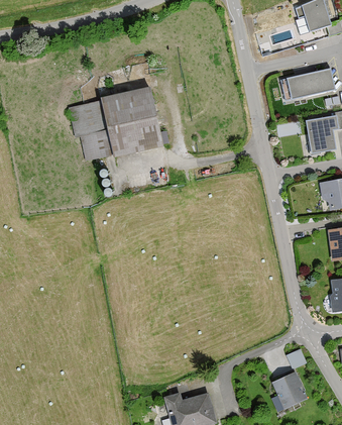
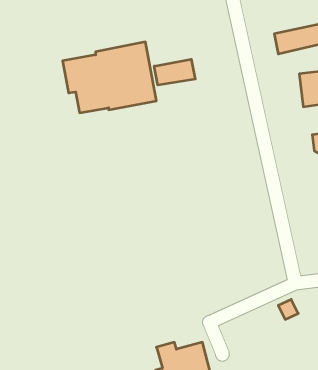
building: none -> [154,59,195,85]
building: [271,371,307,409] -> none

